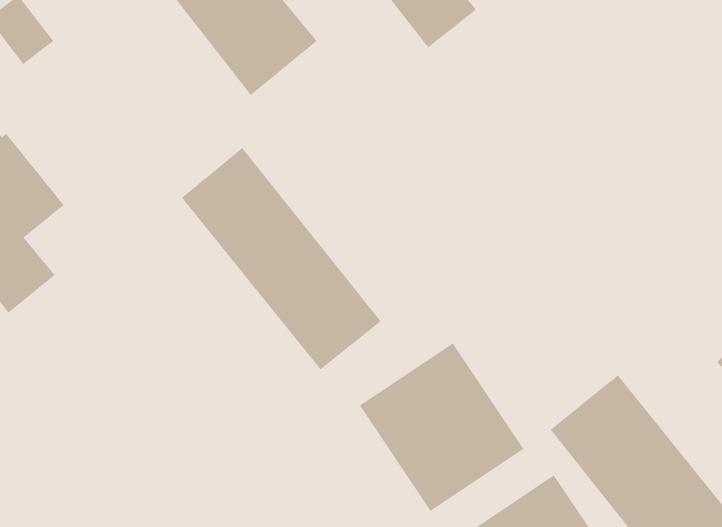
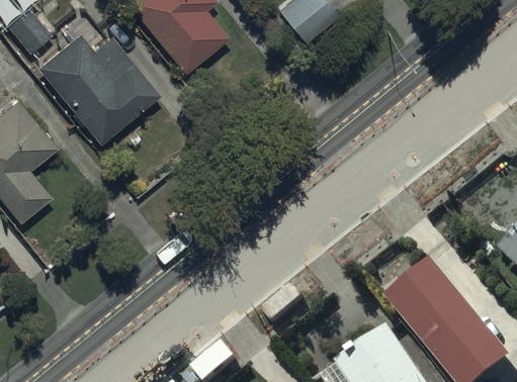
building: none -> [37,30,159,139]
building: [181,147,381,370] -> none
building: [359,342,524,512] -> none

